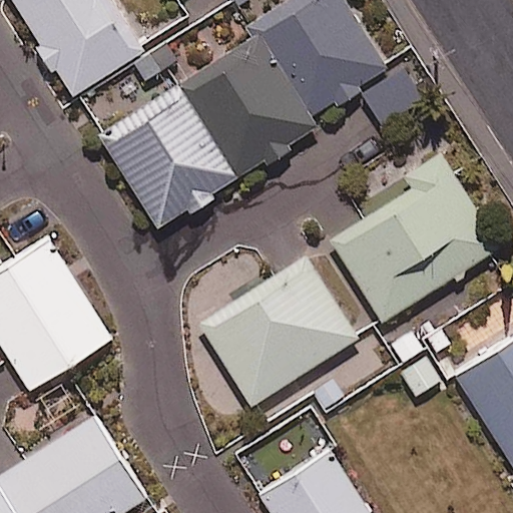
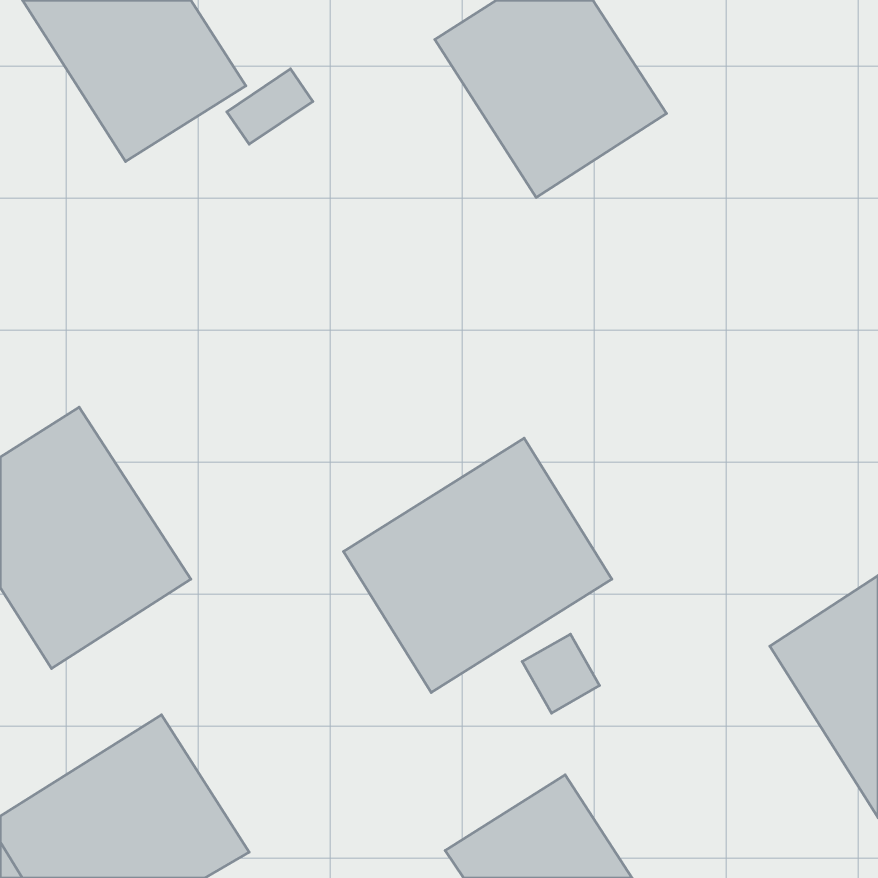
building: [181,37,317,177] -> none
building: [99,90,234,230] -> none
building: [330,153,499,322] -> none

